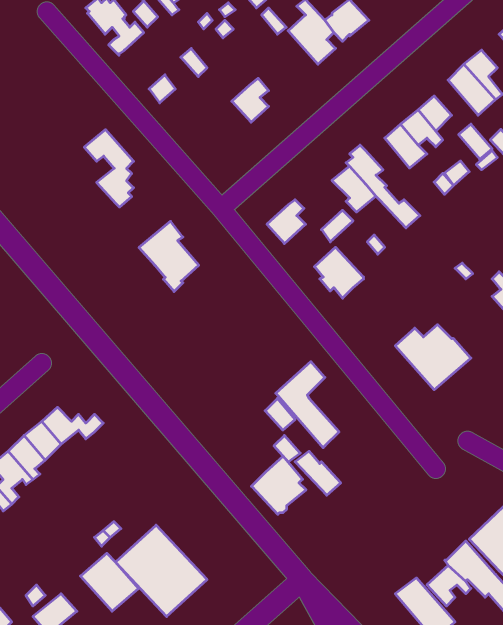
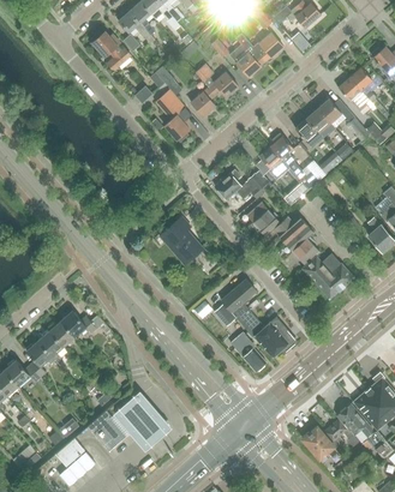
building: none -> [194,61,238,97]
building: [84,130,134,207] -> [156,89,190,142]
building: [139,221,199,292] -> [161,216,202,264]
building: none -> [274,216,321,265]
building: [251,456,306,514] -> [255,317,292,356]

